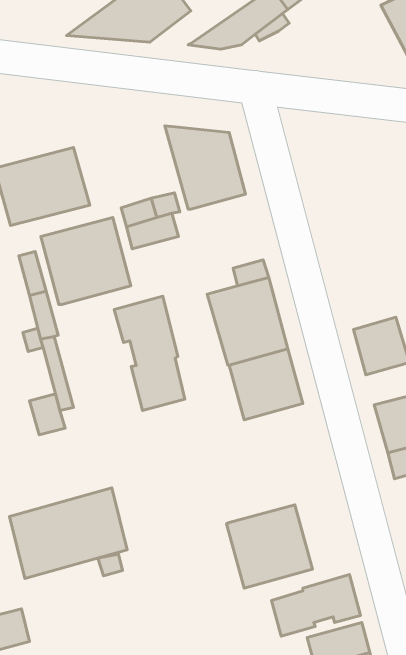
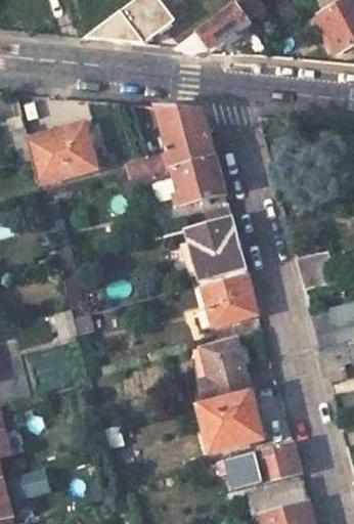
building: none -> [172,157,224,206]
building: [41,218,131,305] -> none
building: [114,296,185,411] -> none
building: none -> [195,335,251,402]
building: [10,488,127,579] -> none

